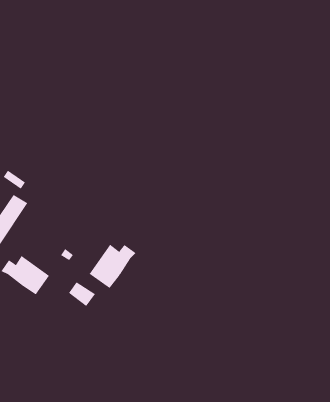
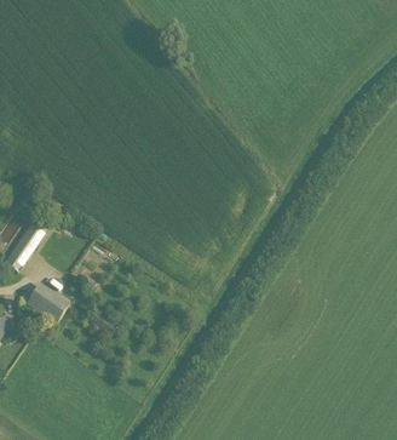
building: [89,244,137,289] -> none

